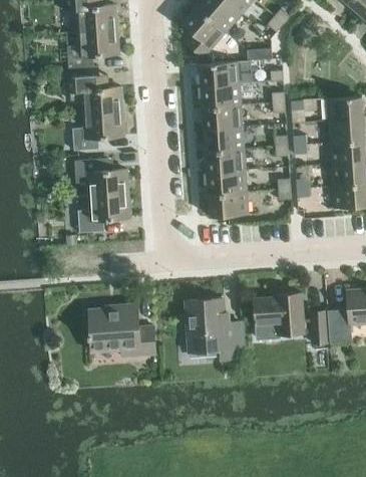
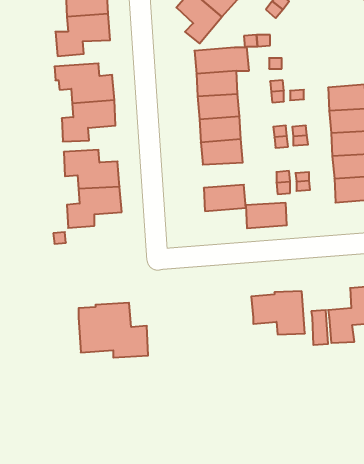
building: [208,171,247,195] -> [246,203,287,228]
building: [187,298,243,359] -> none

